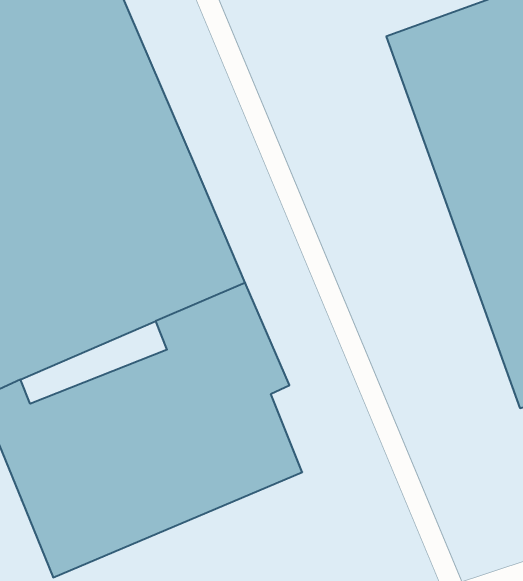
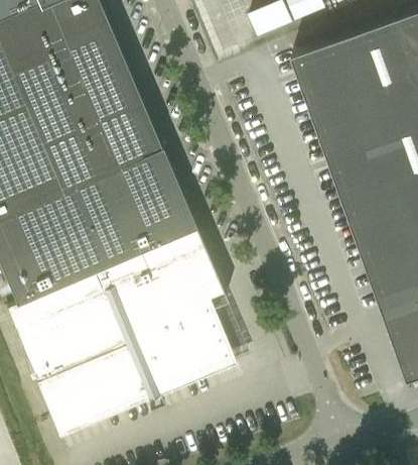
building: none -> [35,256,139,315]

